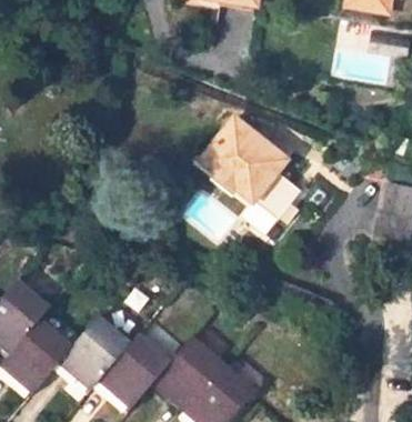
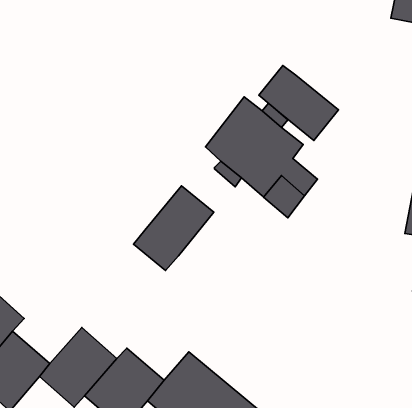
building: none -> [259,66,339,141]
building: none -> [133,186,214,270]

